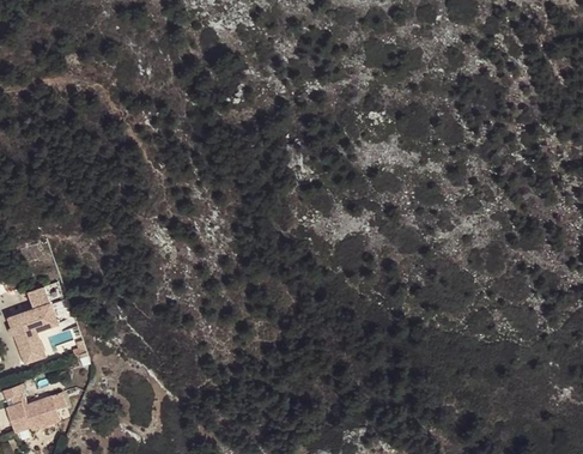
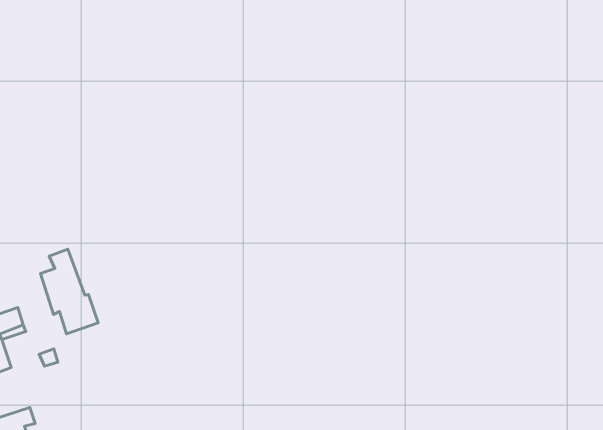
building: none -> [41,249,98,334]

